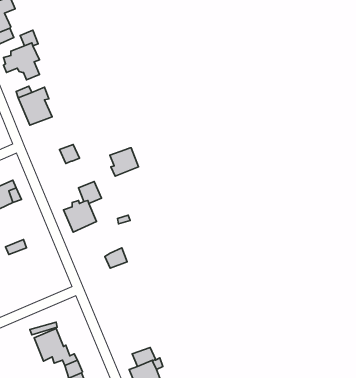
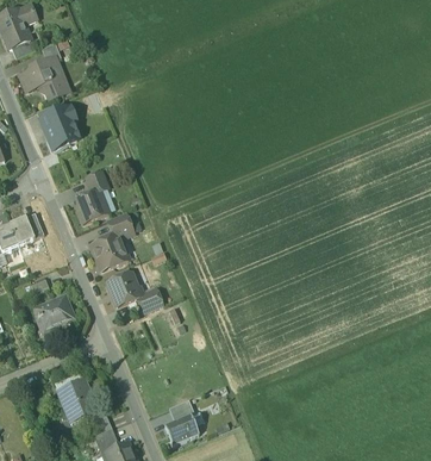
building: [110,148,138,176] -> [77,189,110,222]
building: none -> [110,272,144,304]
building: none -> [36,293,75,331]

